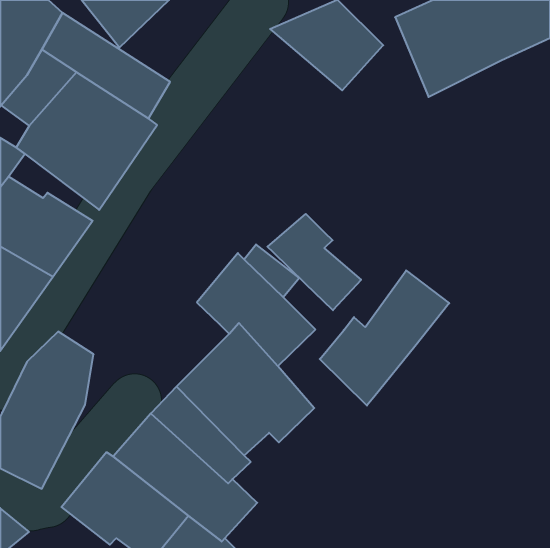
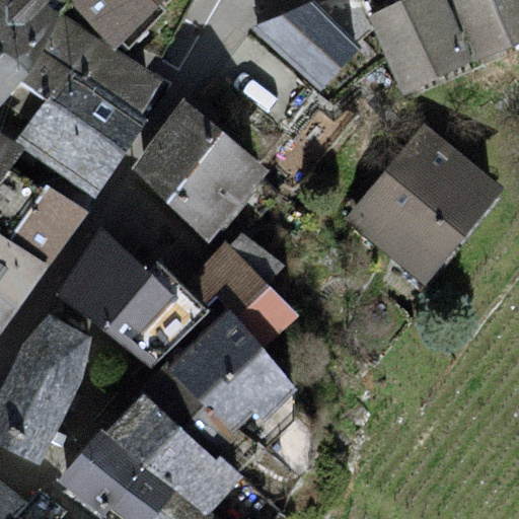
building: none -> [134,102,263,238]
building: none -> [348,127,496,279]
building: [267,214,361,310] -> none
building: none -> [57,225,207,369]
building: [320,270,449,406] -> none

